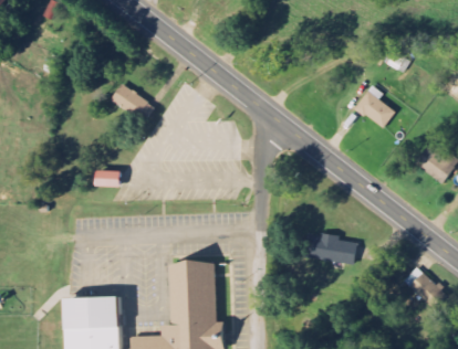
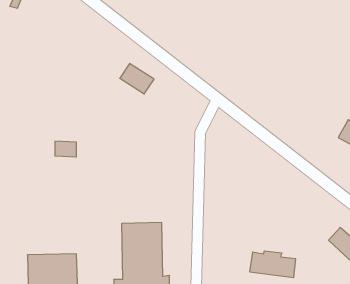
building: [110,84,148,118] -> [120,64,154,94]
building: [354,85,394,128] -> none
building: [303,234,355,264] -> [250,251,296,278]

